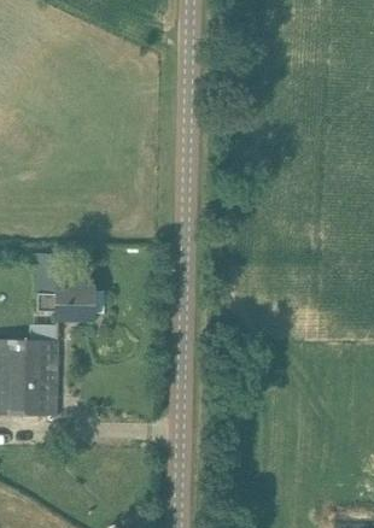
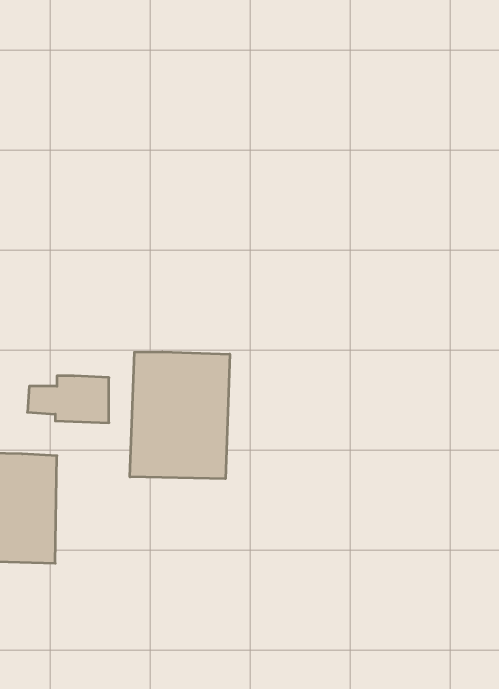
building: none -> [130,352,230,479]

